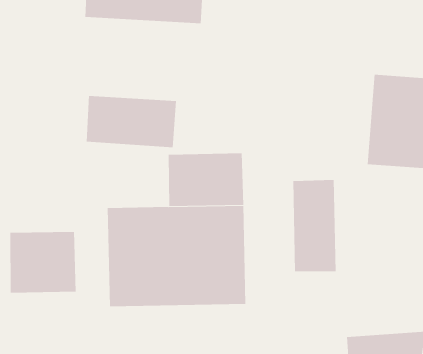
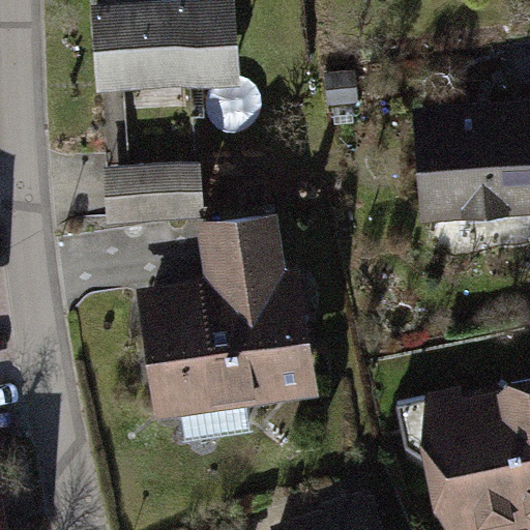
building: [293,179,336,272] -> none
building: [10,231,76,293] -> none

